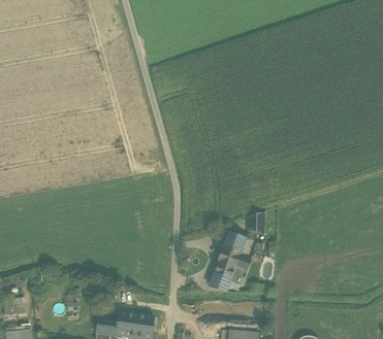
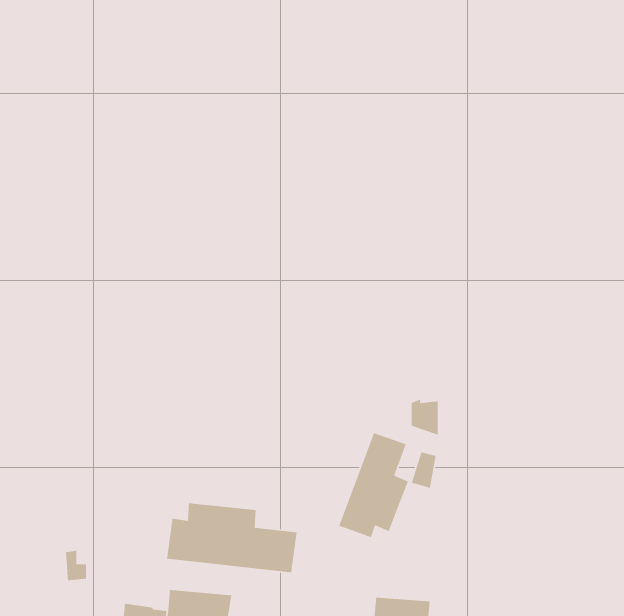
building: none -> [166,502,297,573]

